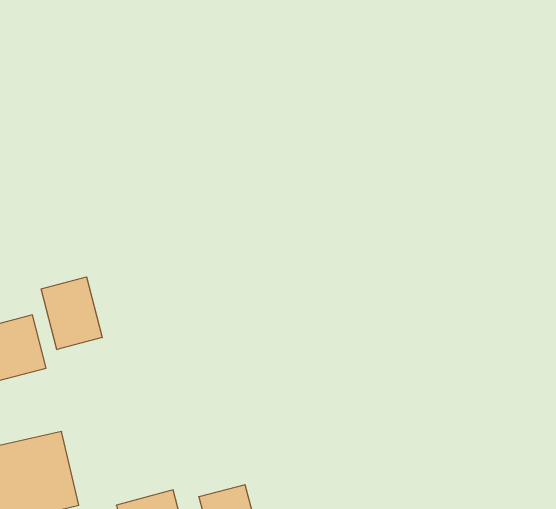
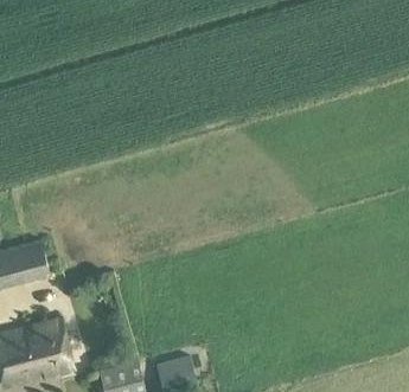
building: [41,277,102,350] -> none

